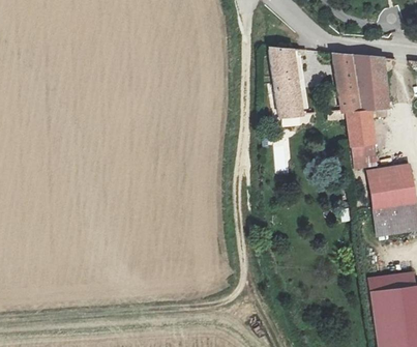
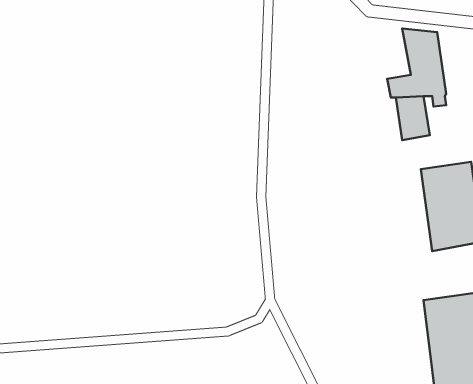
building: [267,46,302,118] -> none
building: [331,51,359,95] -> none
building: [352,142,377,170] -> none

